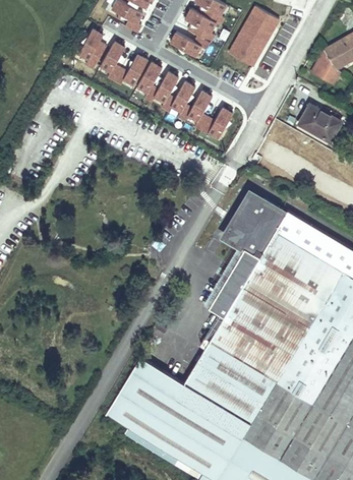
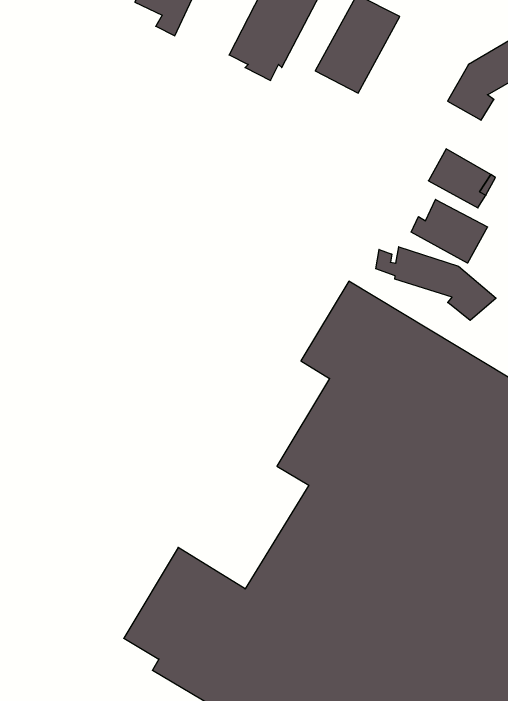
building: [76,27,235,140] -> none
building: none -> [411,199,488,263]
building: none -> [376,247,496,320]

